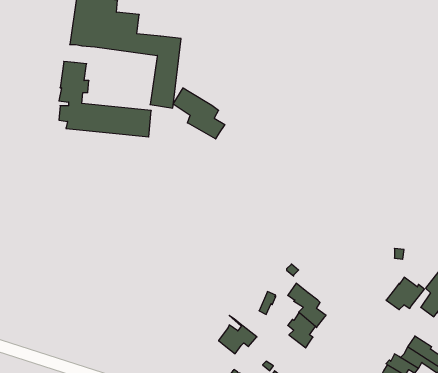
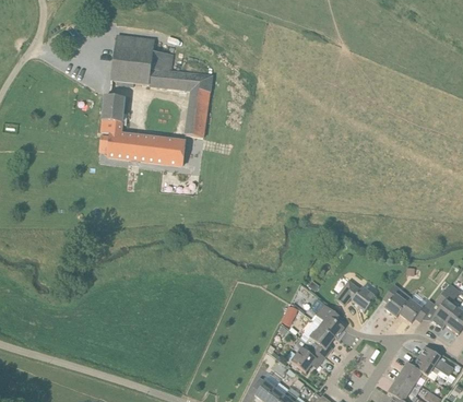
building: [173,88,225,139] -> none
building: none -> [334,282,376,311]
building: none -> [382,282,412,316]
building: [219,315,257,354] -> [290,336,325,371]

